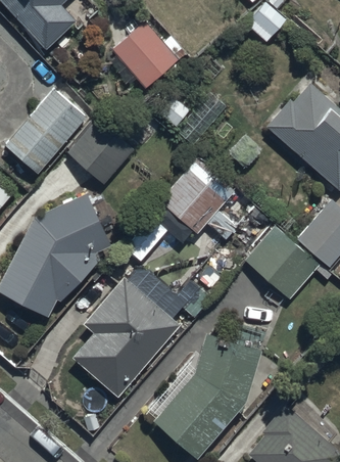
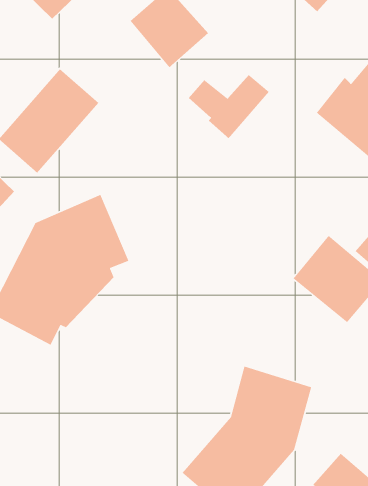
building: [66,120,132,184] -> none
building: [150,158,233,244] -> none
building: [72,277,179,397] -> none

